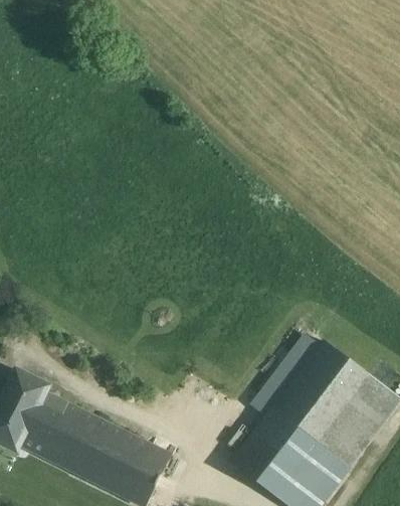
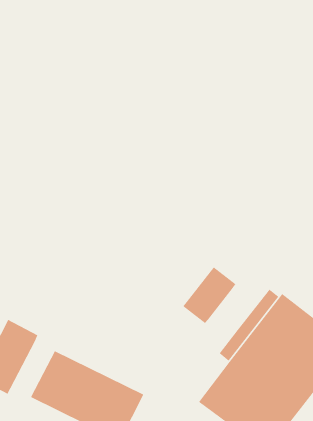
building: none -> [182,267,236,324]
building: [21,394,69,457] -> none

